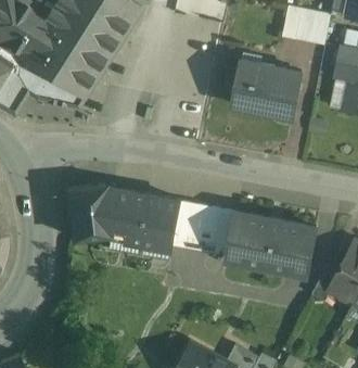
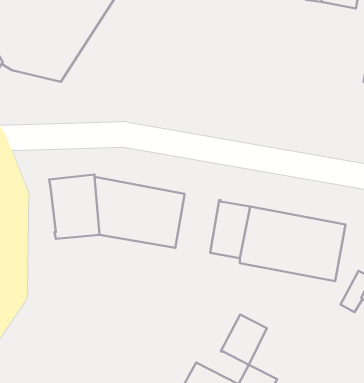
building: [233,61,302,117] -> none
building: [174,202,210,251] -> none
building: none -> [221,314,267,365]

